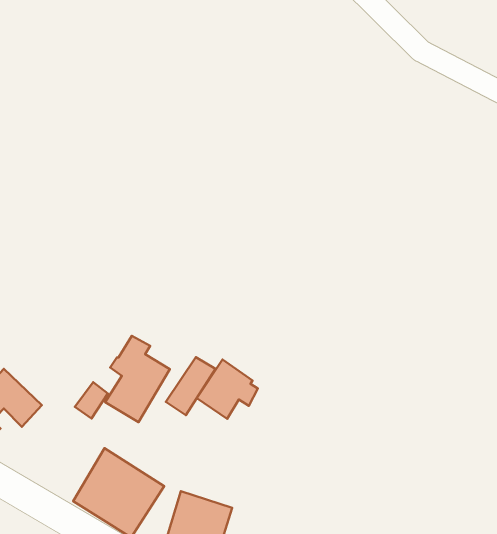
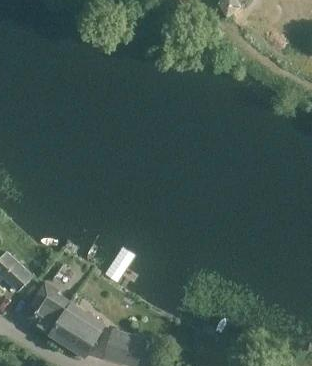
building: [105,336,170,422] -> [28,282,67,334]
building: [197,360,258,419] -> none

